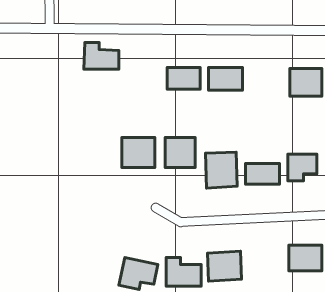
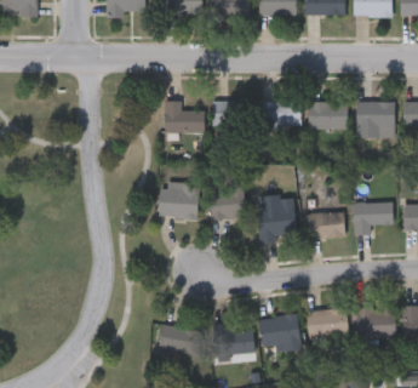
building: [84,42,119,69] -> [164,102,205,133]
building: none -> [308,102,347,129]
building: none -> [307,309,347,340]

